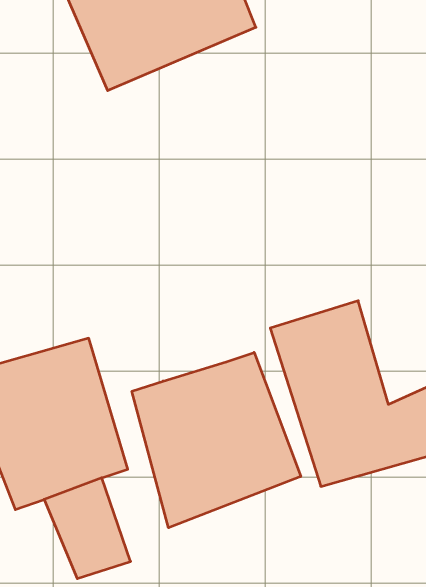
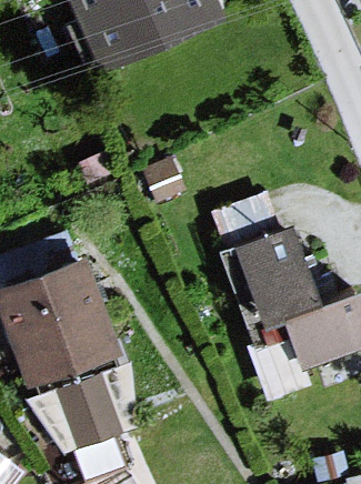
building: [132,352,301,528] -> none

